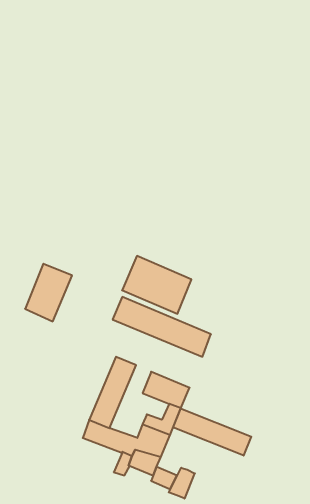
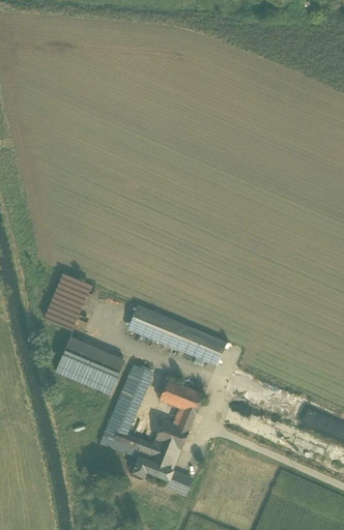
building: [122,256,191,314] -> [56,338,123,394]
building: [173,408,251,456] -> none
building: [169,468,195,499] -> none

